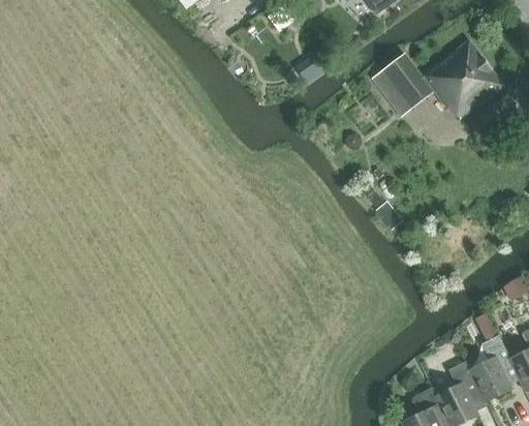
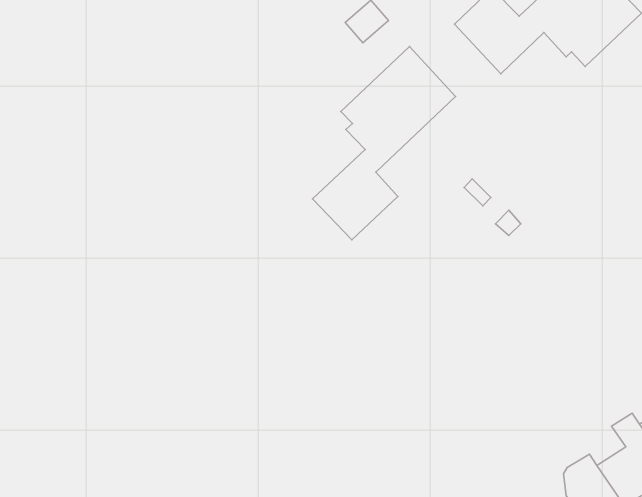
building: none -> [312,46,456,240]

